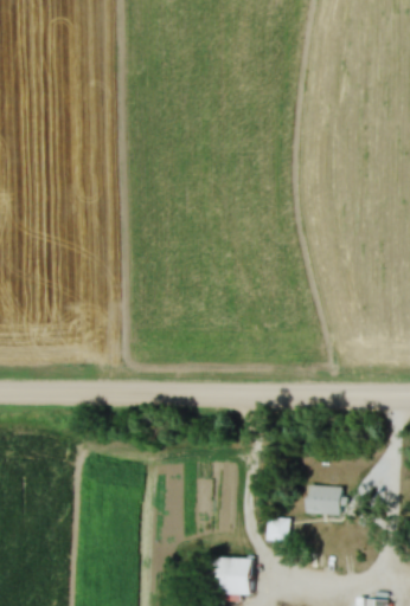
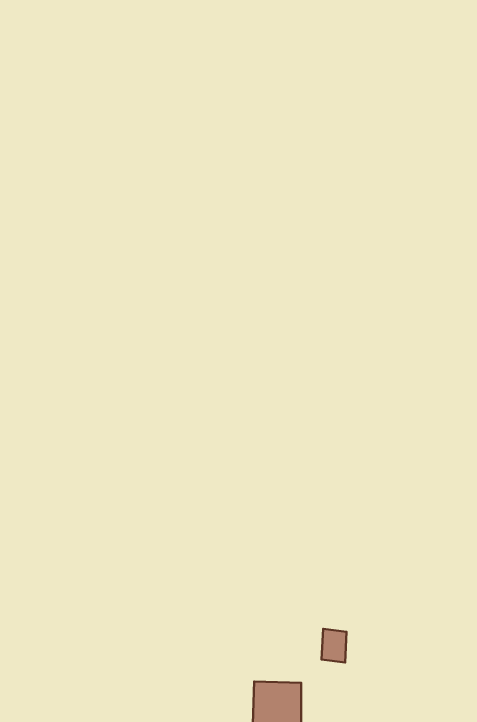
building: [308,486,342,516] -> none

